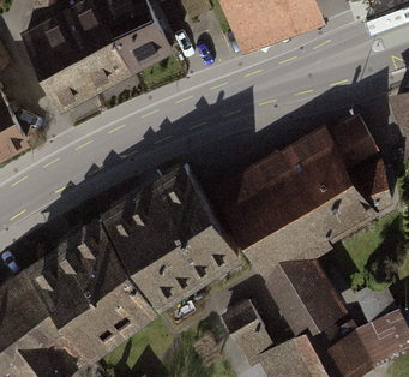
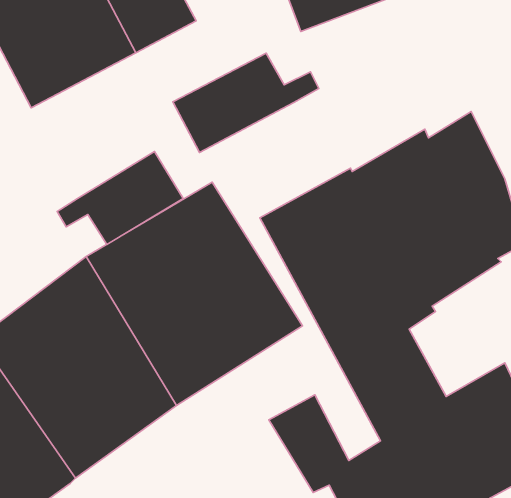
building: none -> [173,53,319,153]
building: none -> [57,151,183,244]

